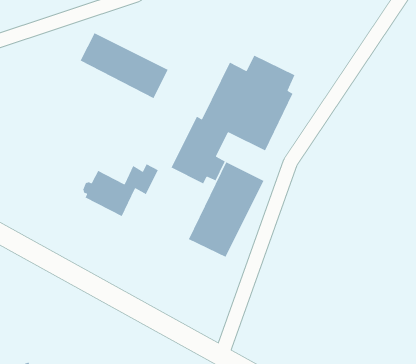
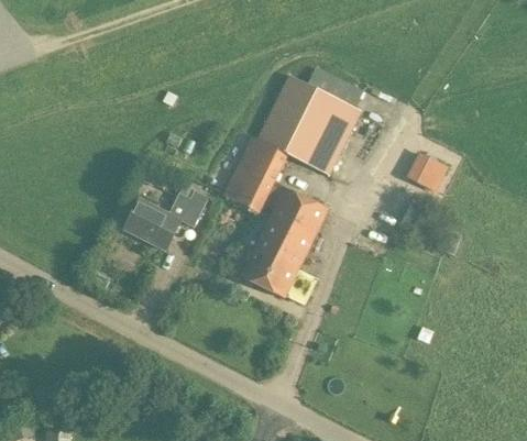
building: [79,32,169,99] -> none
building: none -> [404,150,448,190]

